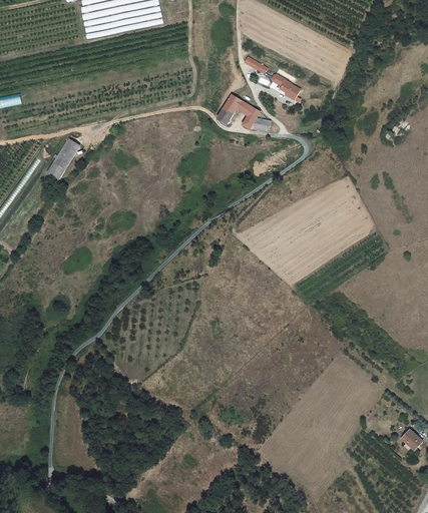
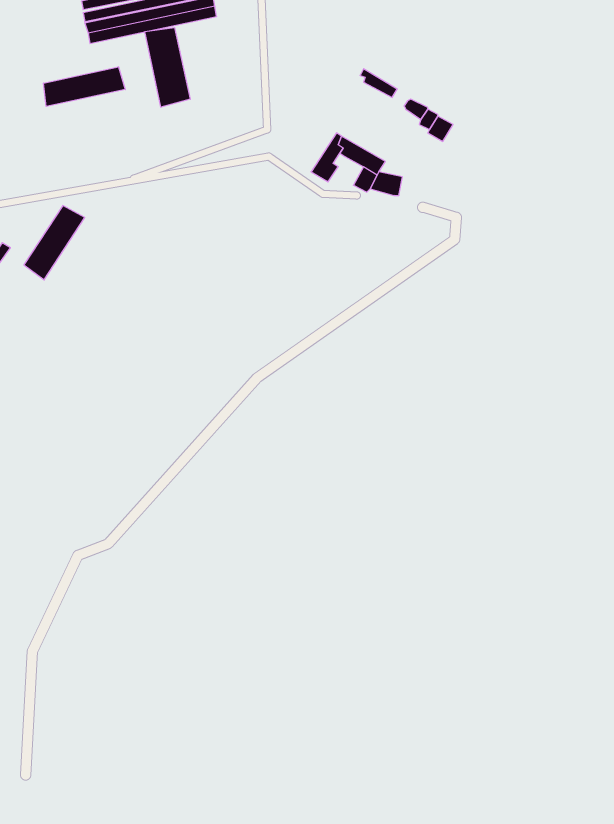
building: none -> [145,28,190,107]
building: none -> [44,67,125,106]

